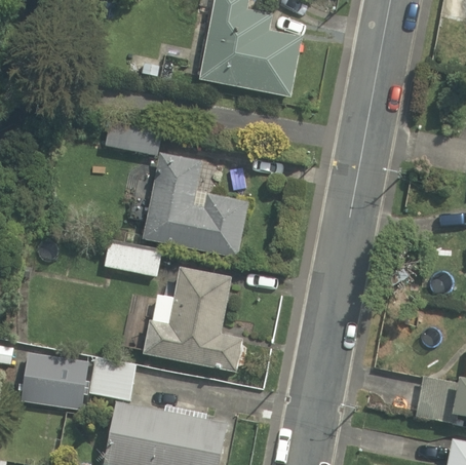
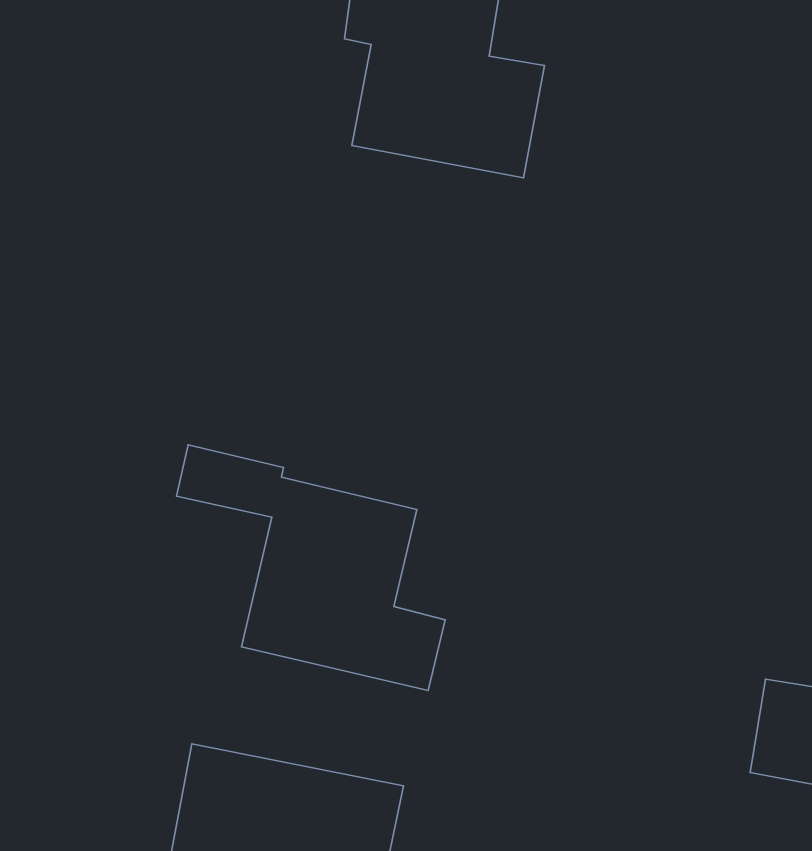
building: [106,122,247,257] -> none
building: [21,350,91,414] -> none
building: [93,355,138,399] -> none

